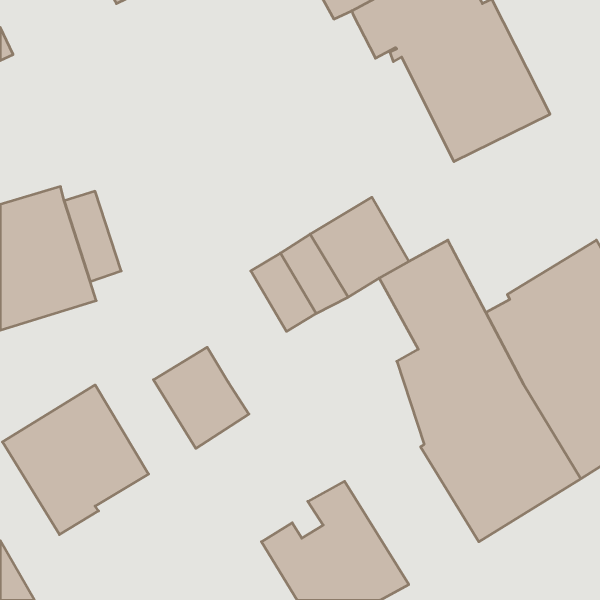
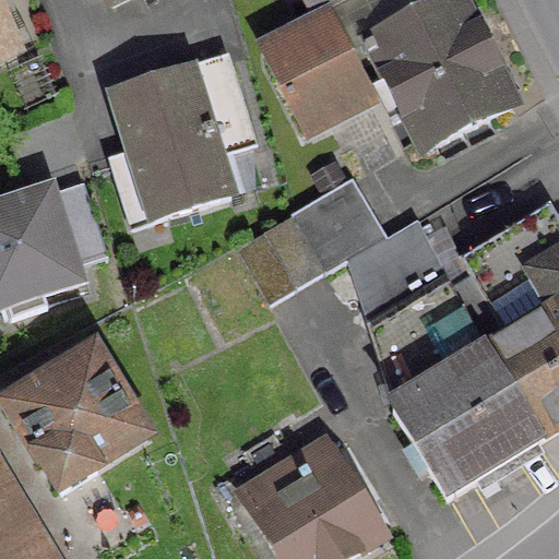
building: none -> [262,13,373,131]
building: none -> [110,60,254,227]
building: [153,347,249,448] -> none

